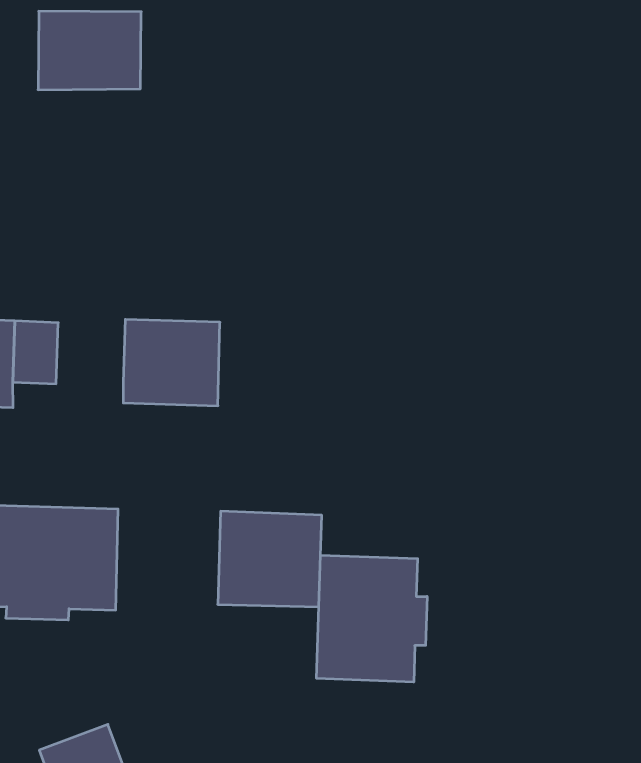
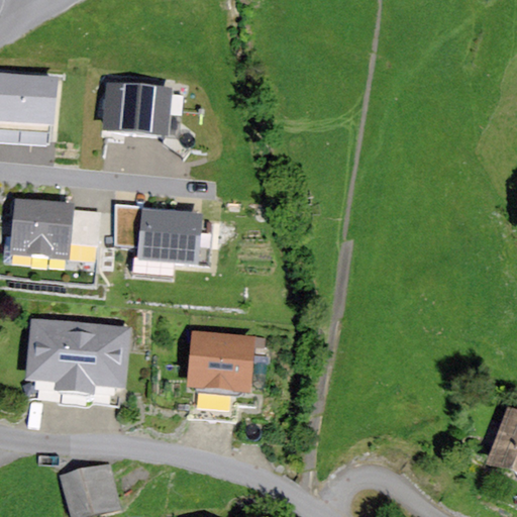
building: [38,11,141,90] -> [101,82,170,135]
building: none -> [114,204,142,246]
building: [317,555,427,682] -> none

